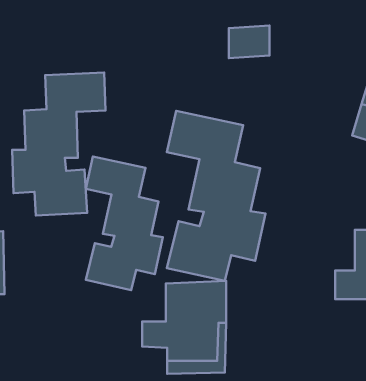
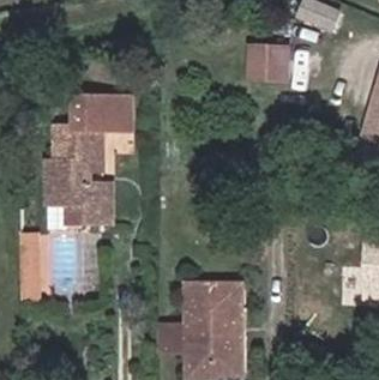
building: [167,111,266,281] -> none
building: [86,156,163,290] -> none

